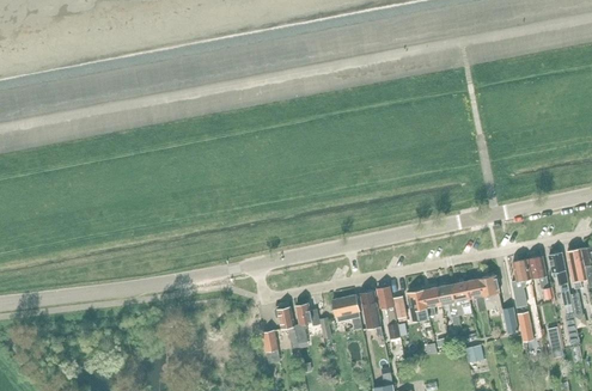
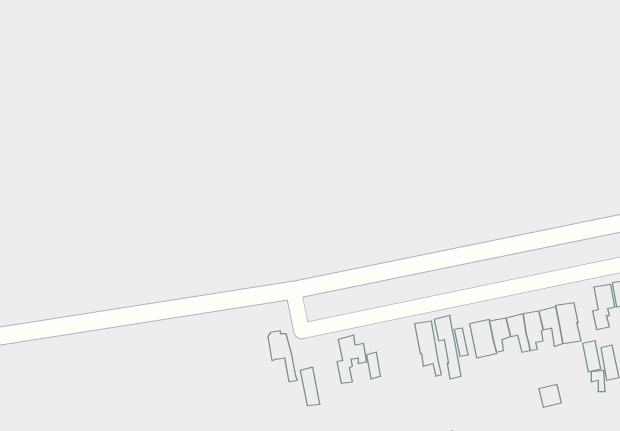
building: [332,294,362,331] -> none
building: [274,305,299,348] -> [268,331,297,382]

